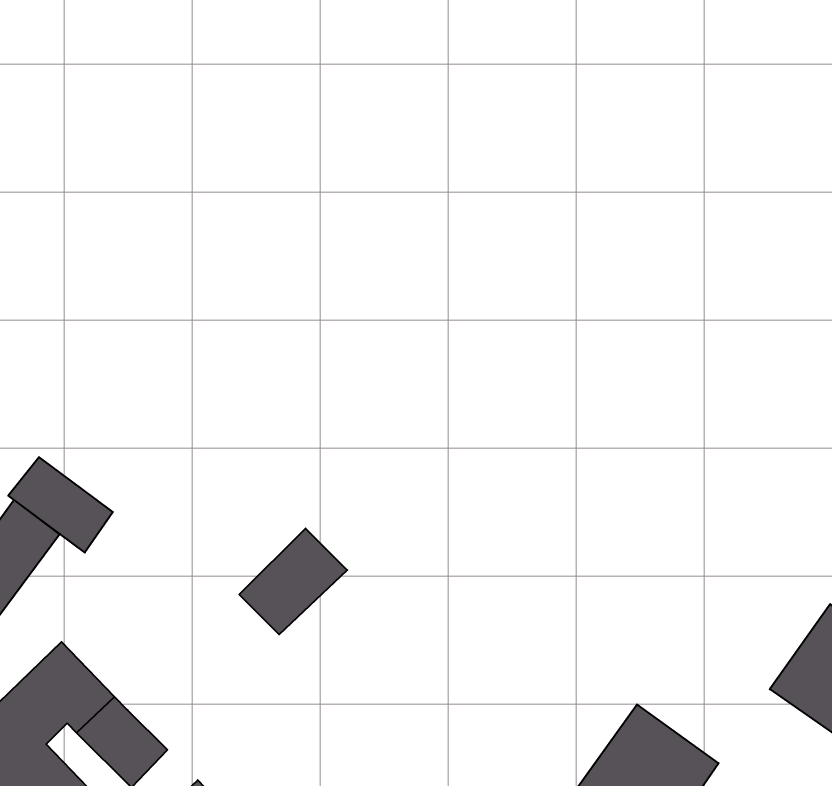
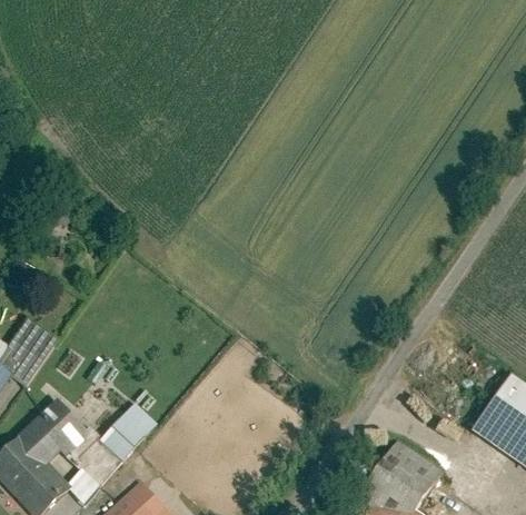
building: [8,457,113,553] -> none
building: [239,528,347,634] -> [96,403,159,465]

